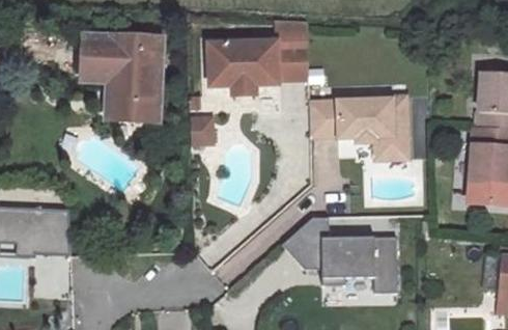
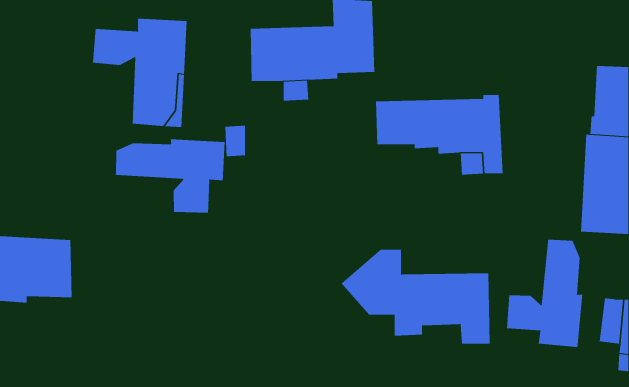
building: none -> [116,139,225,214]
building: none -> [506,239,583,348]

